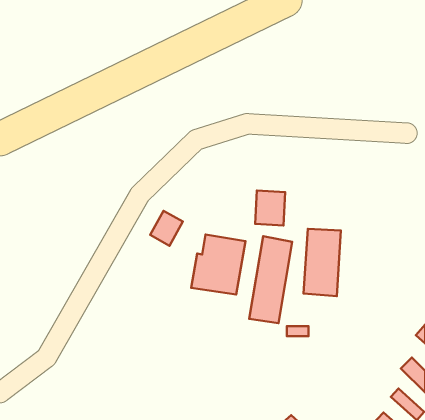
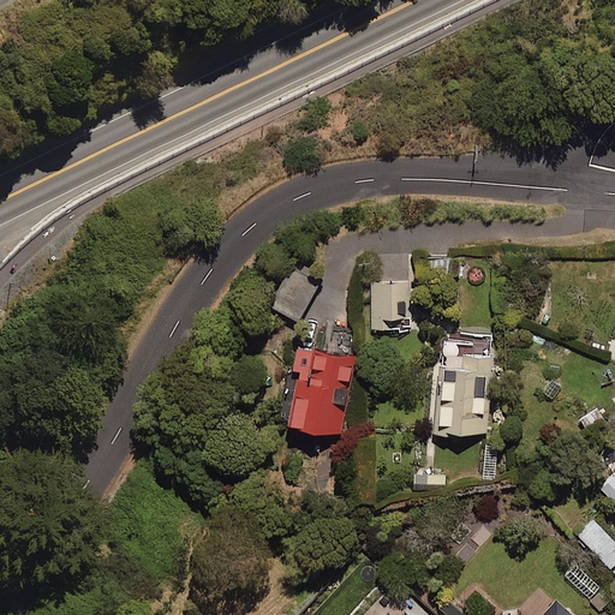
building: [150,211,183,246] -> [274,267,321,317]
building: [249,236,292,323] -> none

